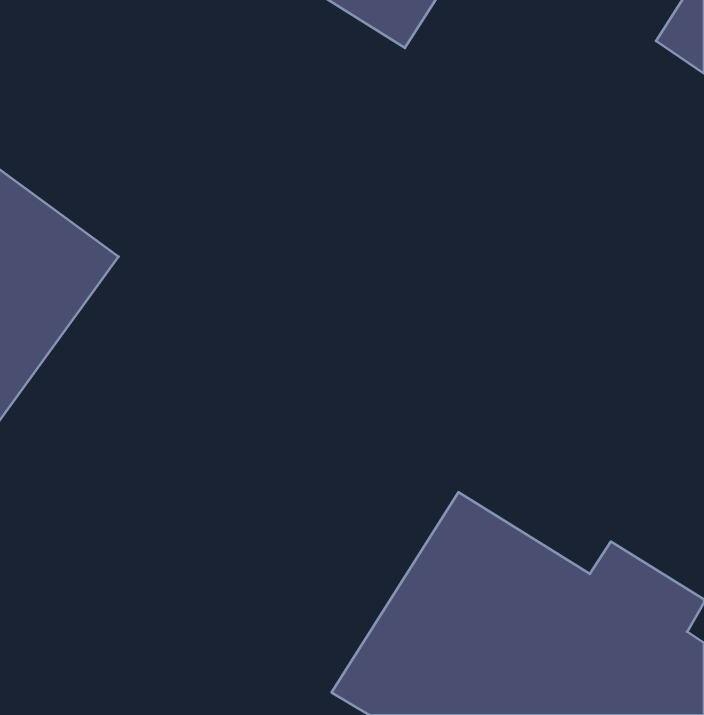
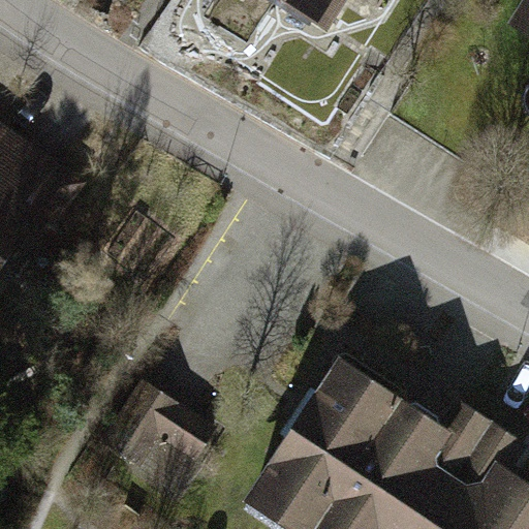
building: none -> [100,387,200,487]

